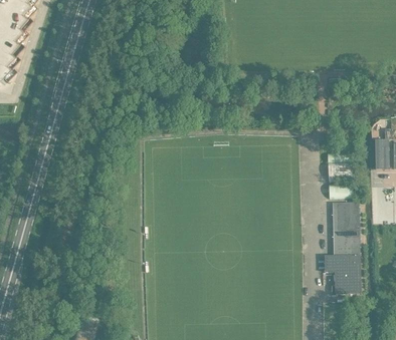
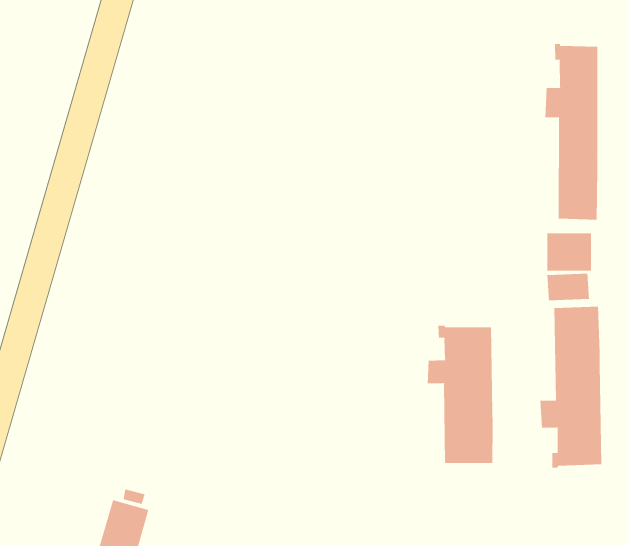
building: none -> [545,43,598,220]
building: none -> [427,325,493,464]

